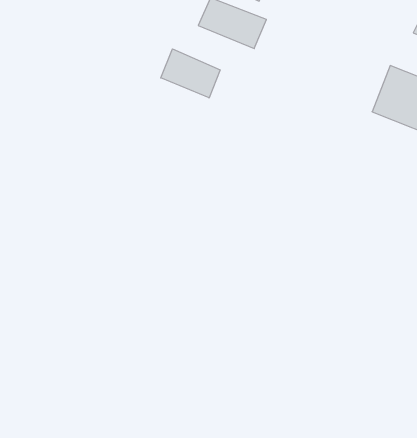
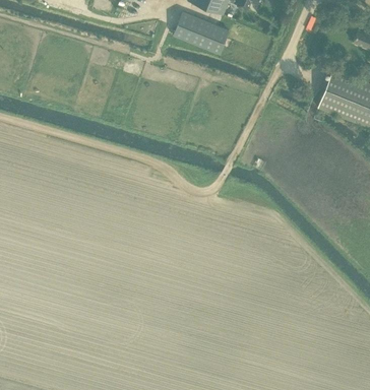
building: [161,49,220,98] -> none

